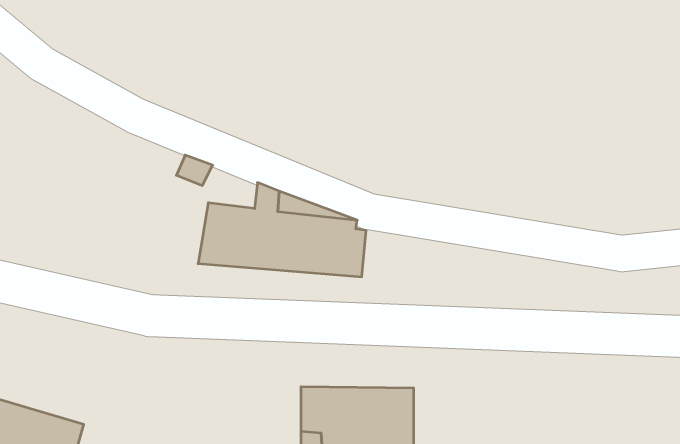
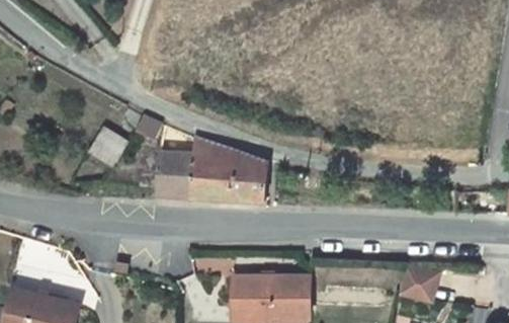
building: none -> [93,128,133,167]
building: none -> [399,267,437,301]

